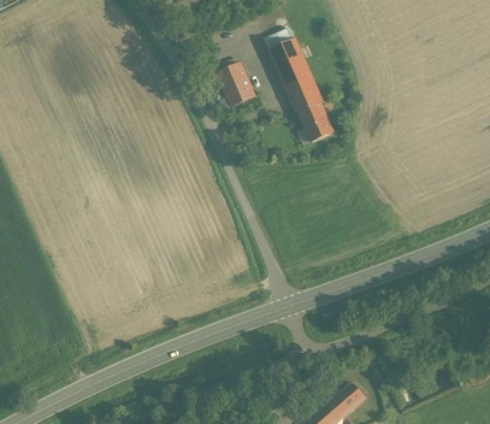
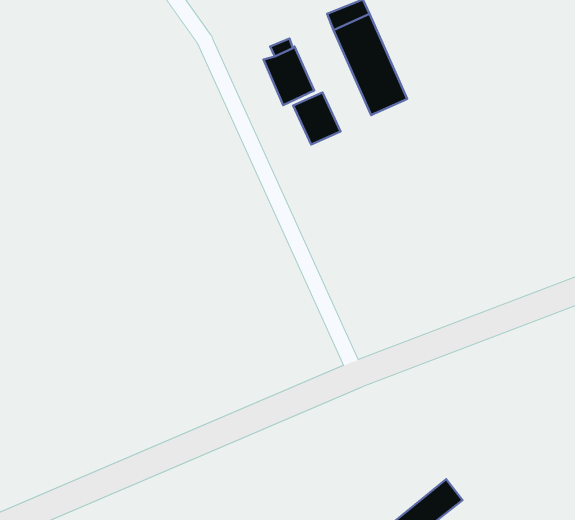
building: [300,105,335,143] -> [293,92,340,145]

